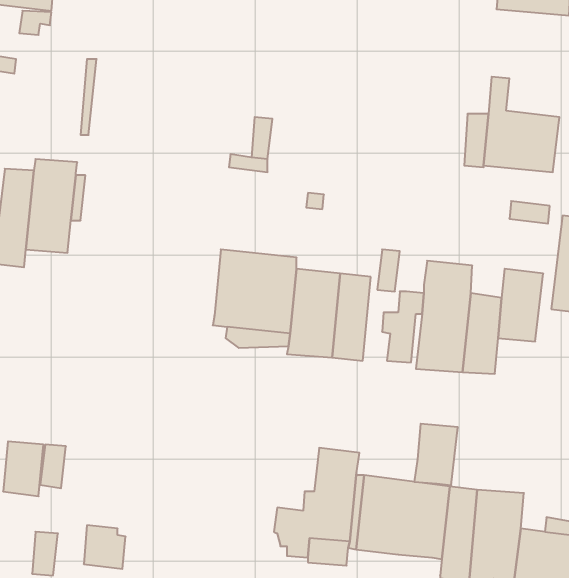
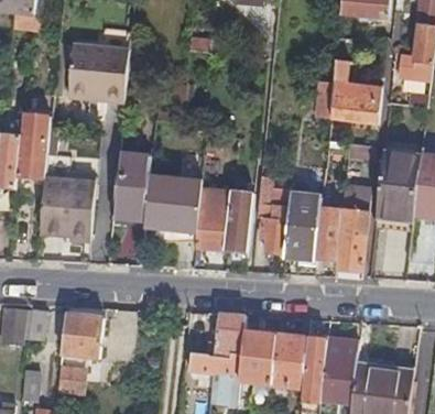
building: none -> [69,45,130,103]
building: none -> [113,153,153,221]
building: none -> [41,181,96,239]
building: [414,424,458,485] -> [336,237,366,279]
building: none -> [61,313,104,358]

